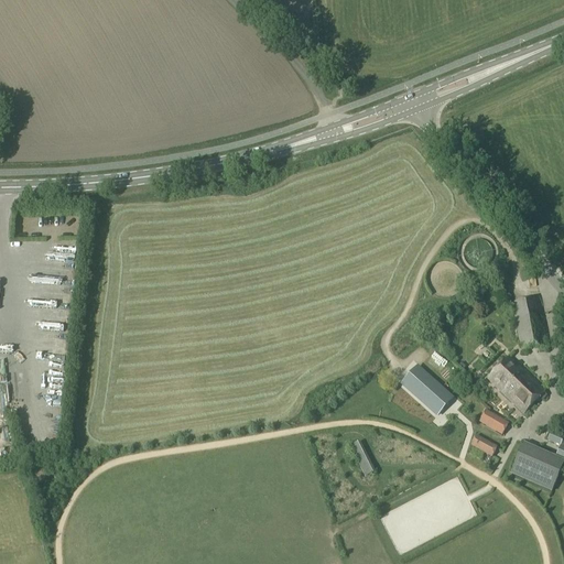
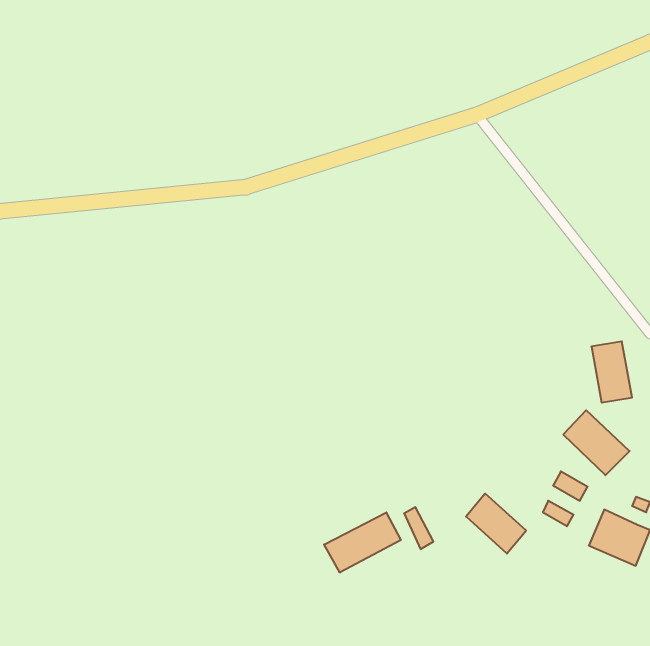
building: [400,364,452,415] -> [466,494,526,554]
building: none -> [324,512,401,573]

